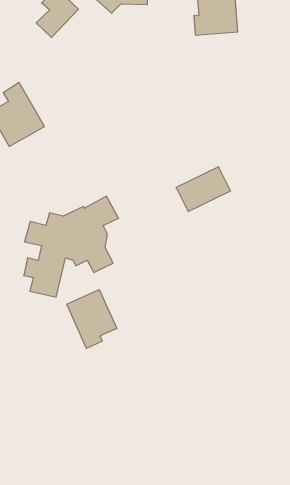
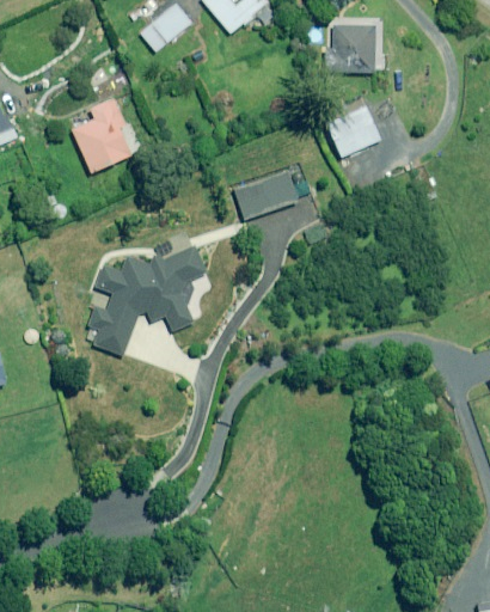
building: none -> [326,106,380,157]
building: [176,167,231,212] -> [234,171,298,219]
building: [67,290,117,348] -> none

